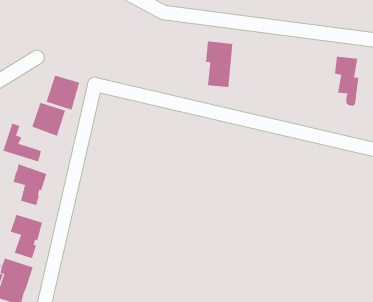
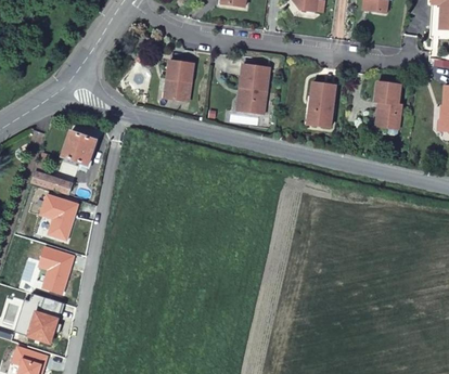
building: none -> [168,63,195,103]
building: none -> [310,83,336,127]
building: [46,75,80,110] -> none

